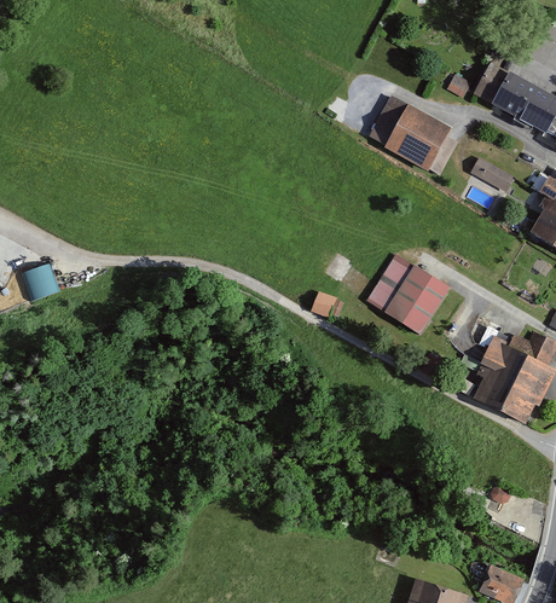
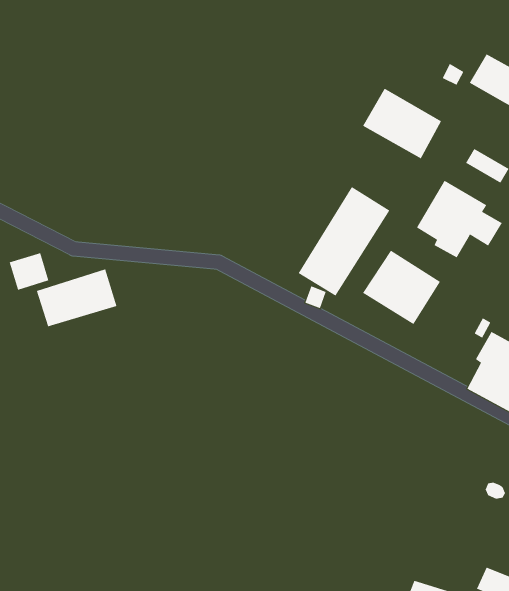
building: none -> [416,180,502,258]
building: none -> [298,186,390,296]
building: none -> [36,269,117,327]

